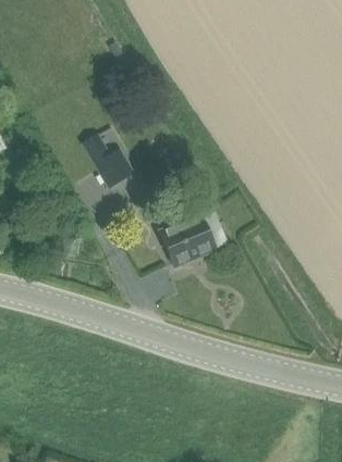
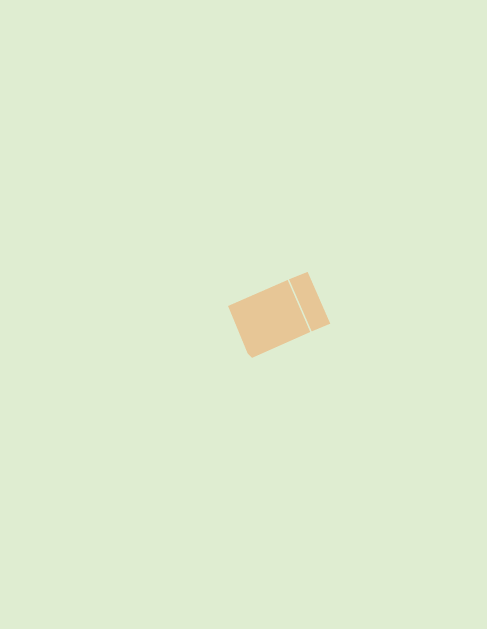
building: [84,136,133,187] -> none

